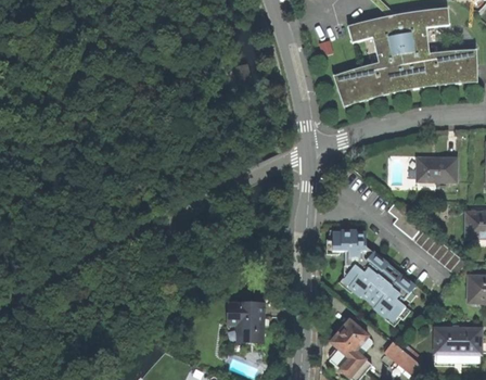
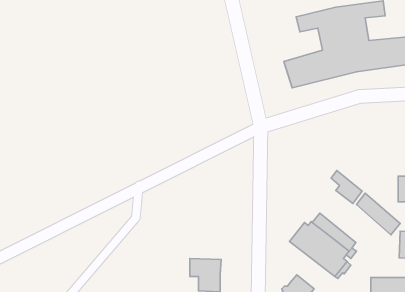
building: [417,159,456,182] -> none
building: [327,228,368,265] -> none

